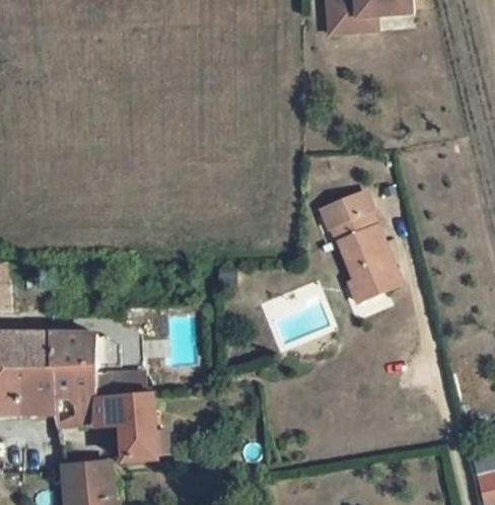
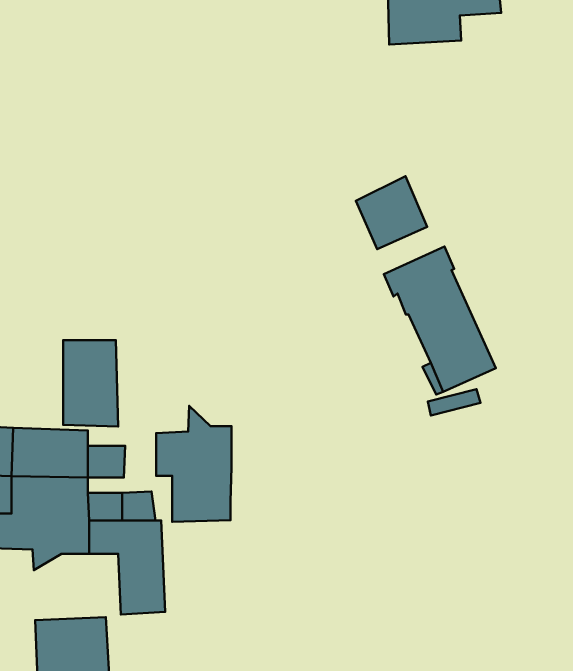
building: none -> [356,176,427,249]
building: none -> [63,340,118,427]
building: none -> [156,406,232,522]

